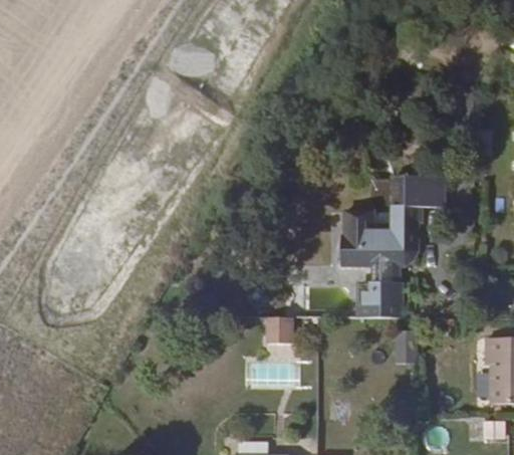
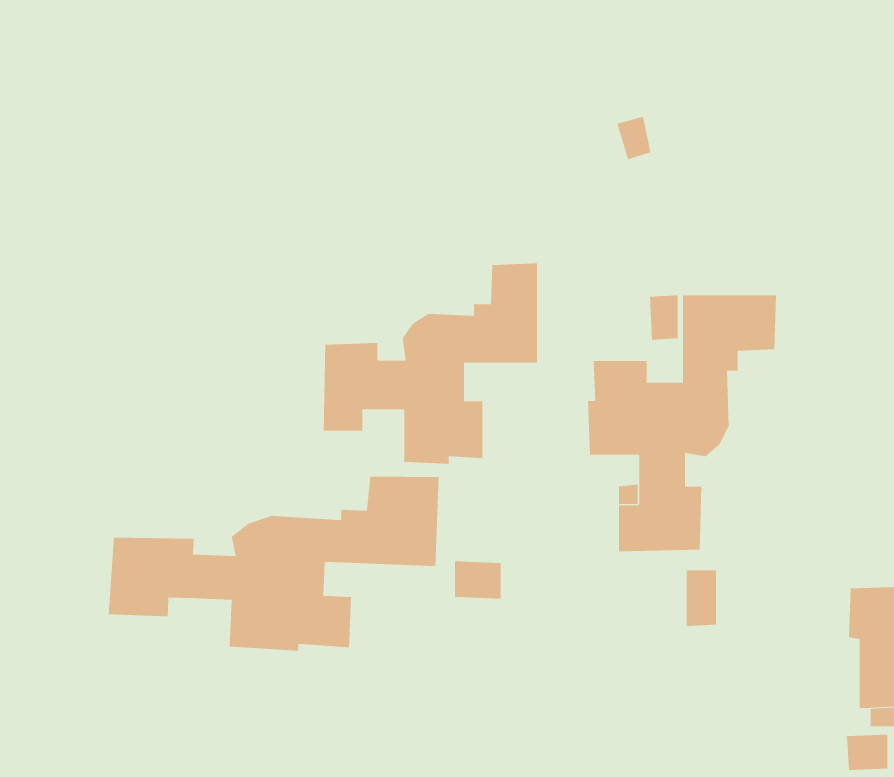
building: none -> [323,263,537,465]
building: none -> [108,476,439,652]

